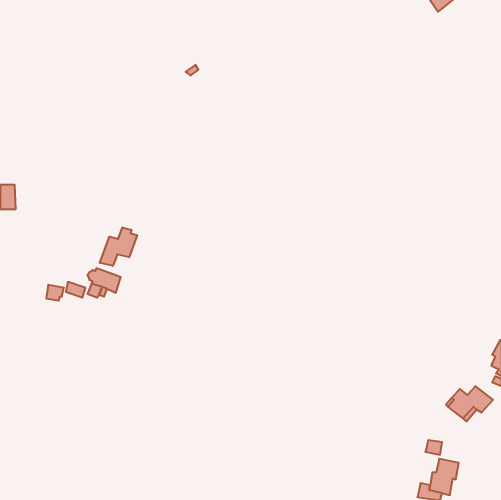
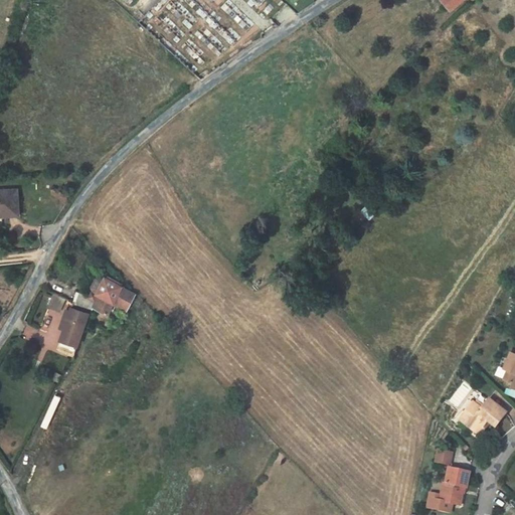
building: [100,227,137,266] -> none
building: none -> [54,306,84,351]

